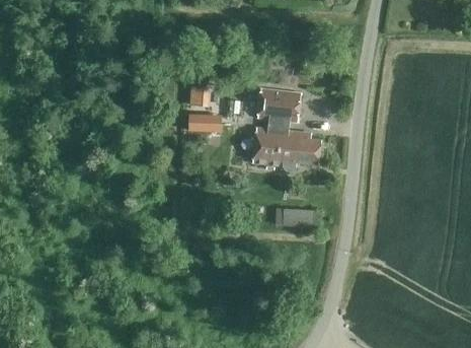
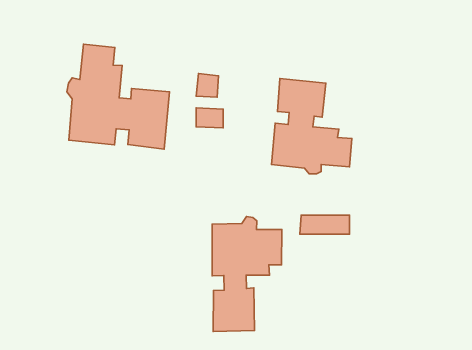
building: none -> [67,44,169,149]
building: none -> [212,217,282,332]

